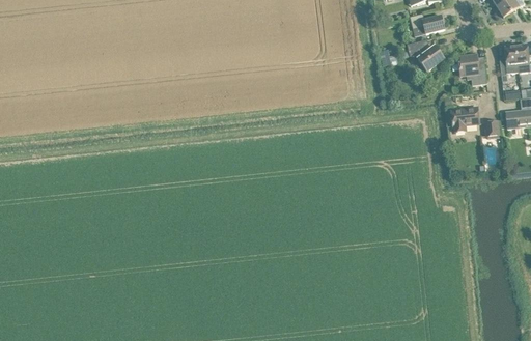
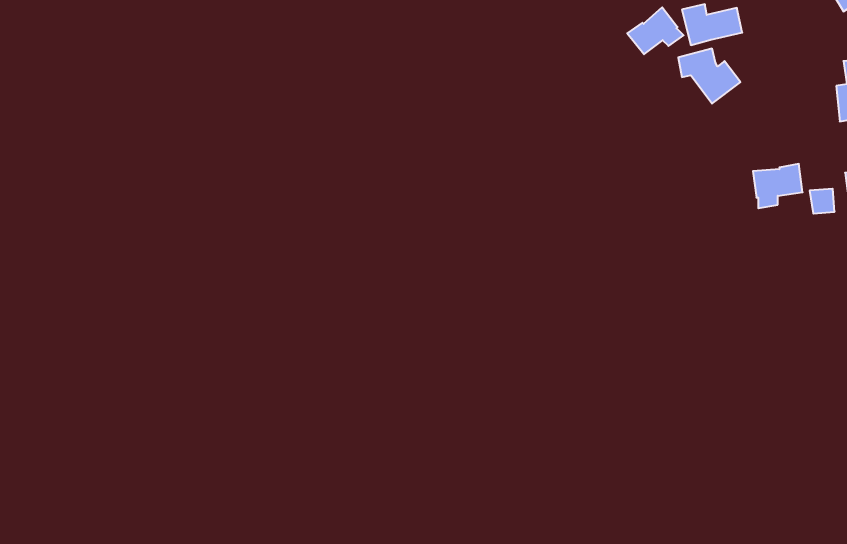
building: none -> [627,7,684,54]
building: [459,54,487,85] -> none

